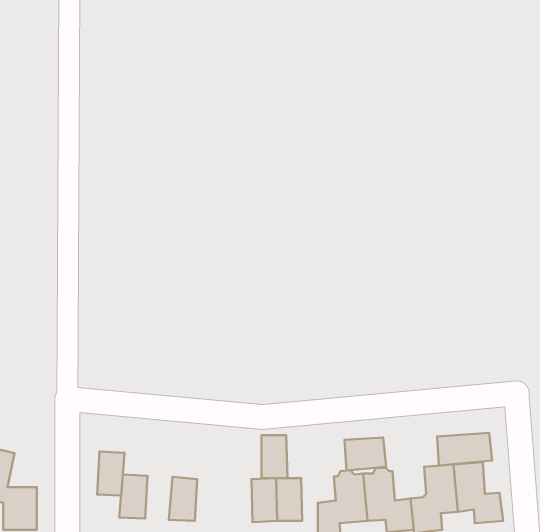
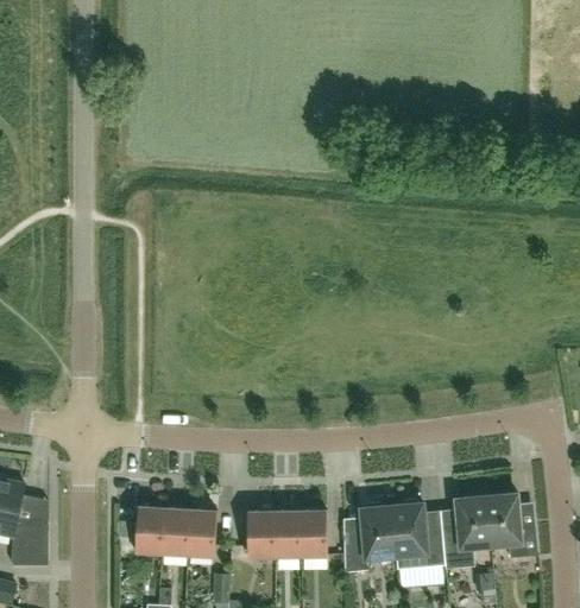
building: [437,433,492,466] -> none
building: [261,435,287,478] -> [247,511,275,556]
building: [344,437,386,471] -> none
building: [97,452,124,496] -> [162,507,190,553]

